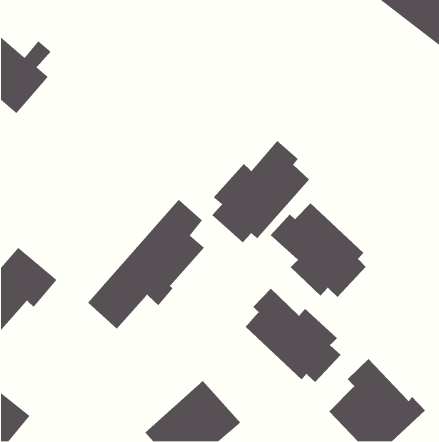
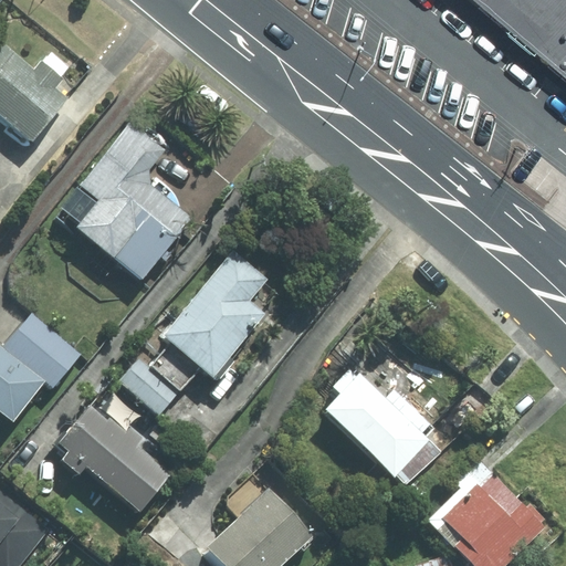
building: none -> [51,120,192,287]
building: [211,140,310,243] -> none
building: [270,203,367,298] -> none
building: none -> [53,407,175,518]

